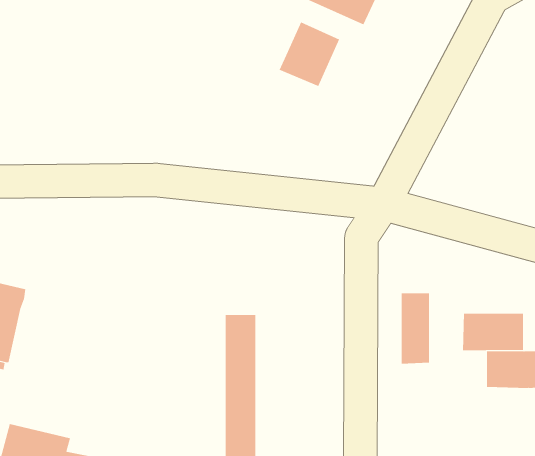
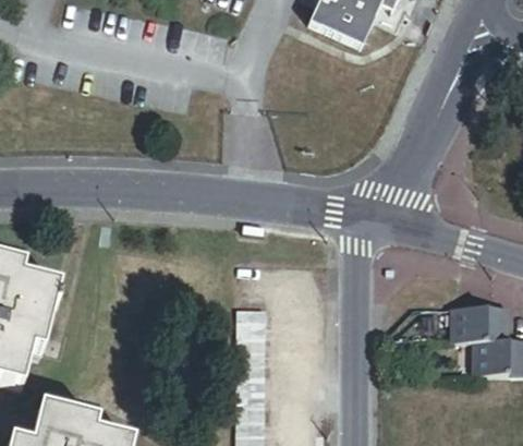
building: [279,22,340,87] -> none
building: [401,293,429,365] -> none

